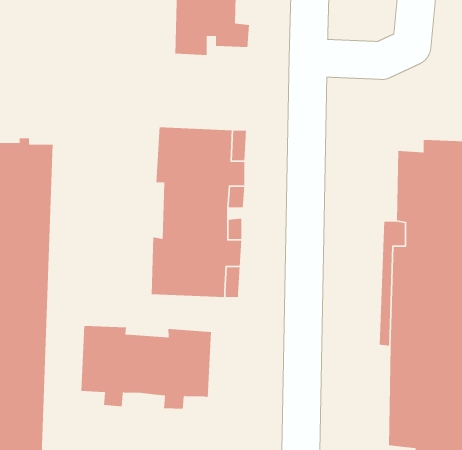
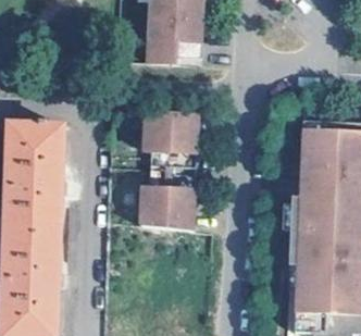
building: [80,325,212,409] -> none

